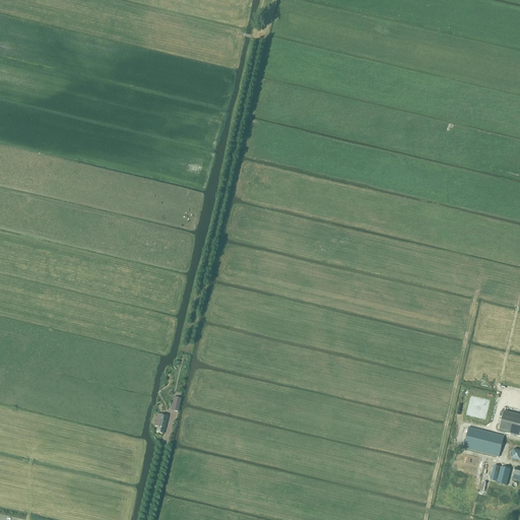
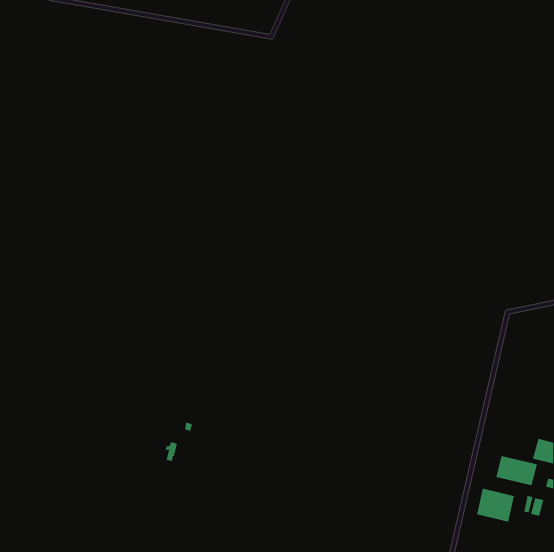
building: none -> [476,488,515,522]

